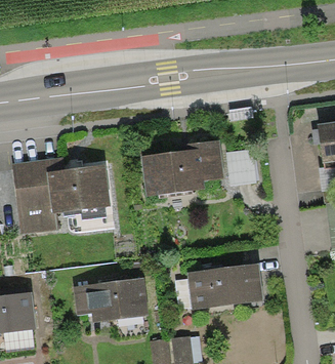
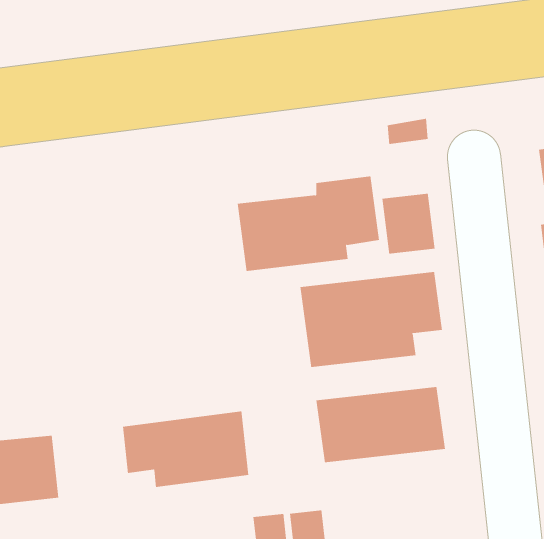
building: [12,157,110,235] -> none
building: none -> [300,271,442,368]

